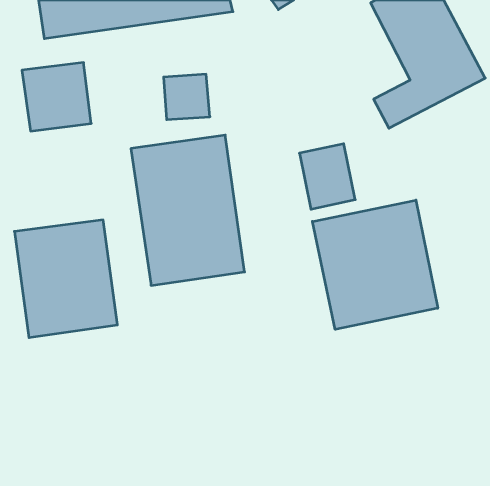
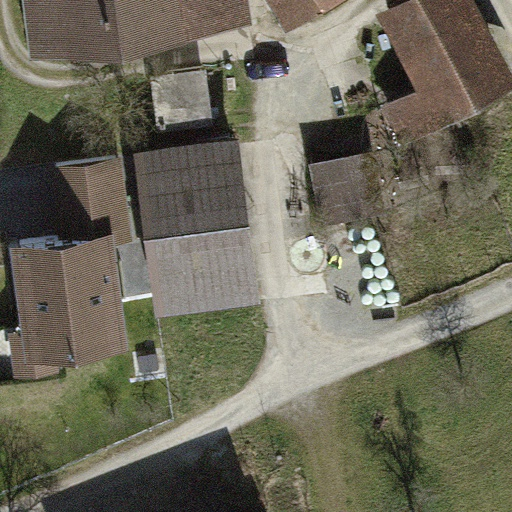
building: [22,63,91,131] -> [52,162,124,233]
building: [312,200,438,329] -> none

